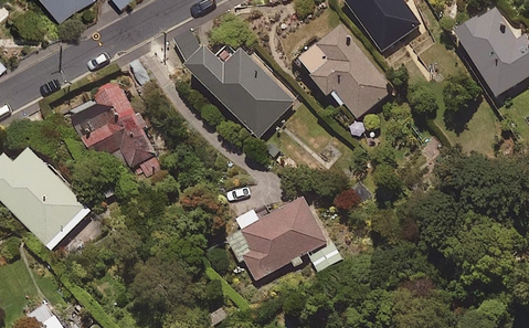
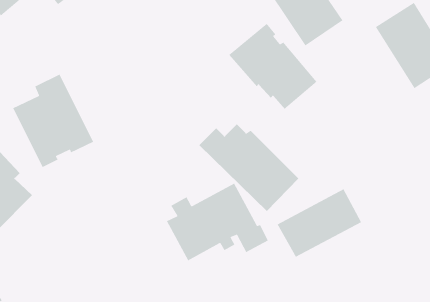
building: [186,44,293,138] -> [198,123,299,212]
building: none -> [277,188,362,258]

